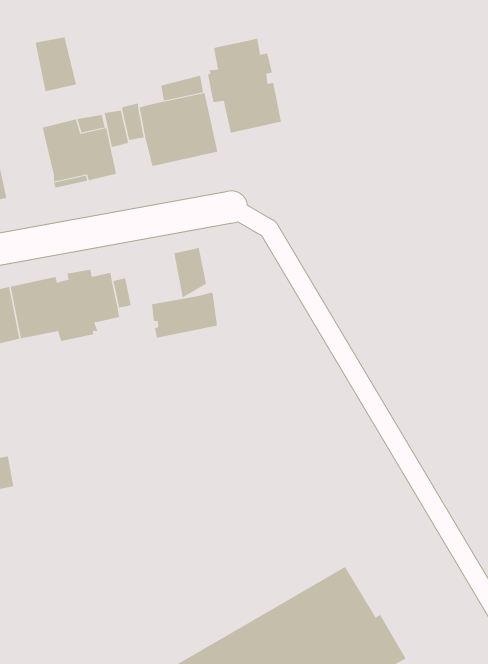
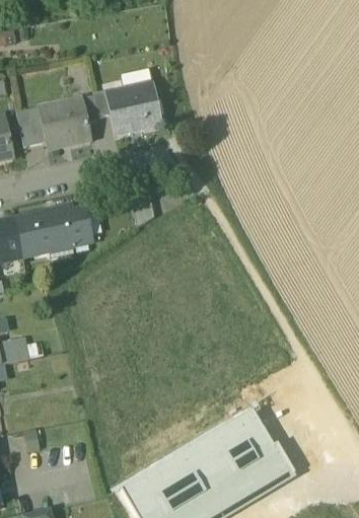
building: [35,37,77,92] -> [16,105,46,144]
building: [207,38,281,133] -> none
building: [151,292,218,338] -> none

